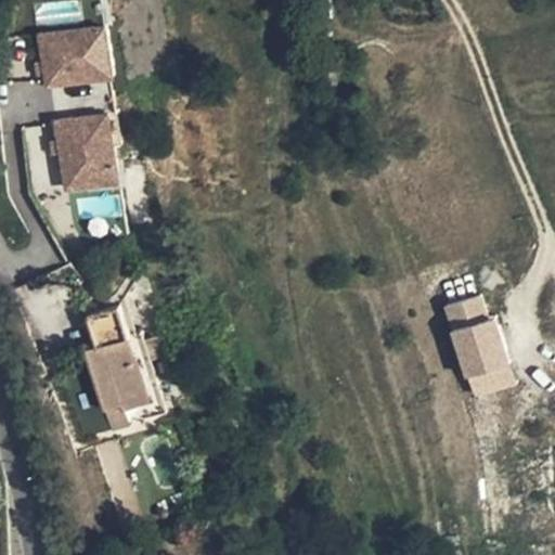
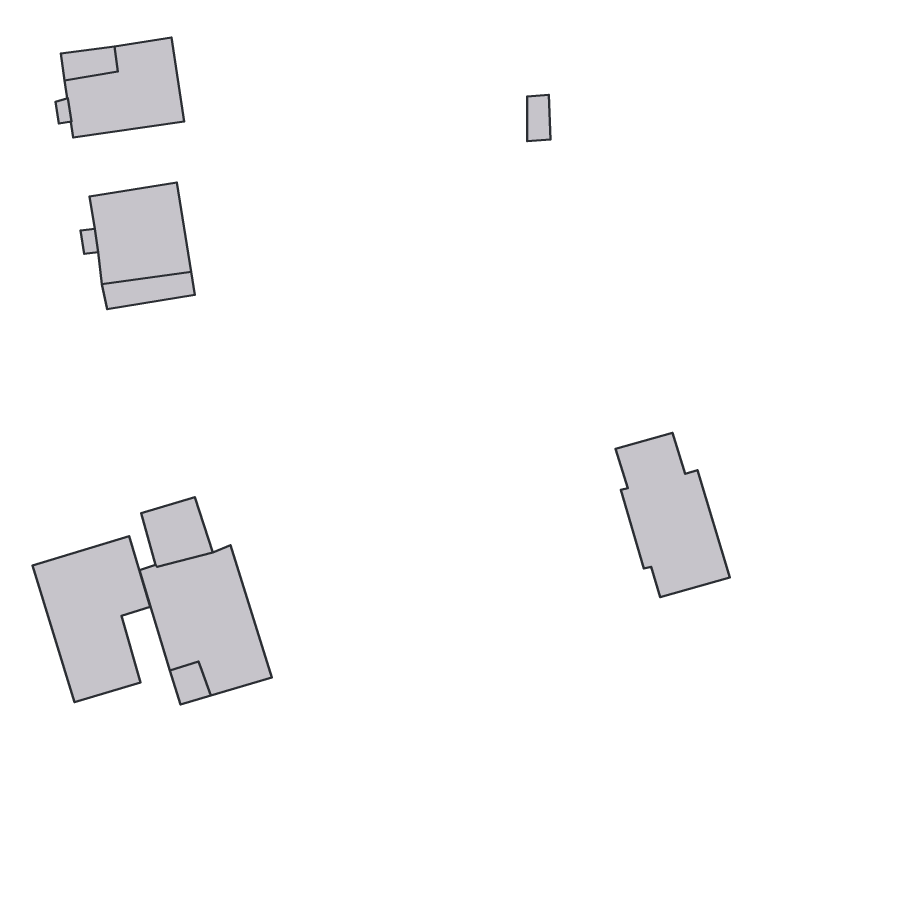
building: [441,299,511,399] -> [615,433,730,597]
building: none -> [32,536,150,702]

